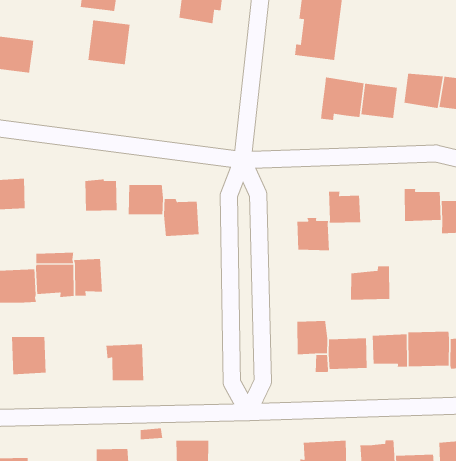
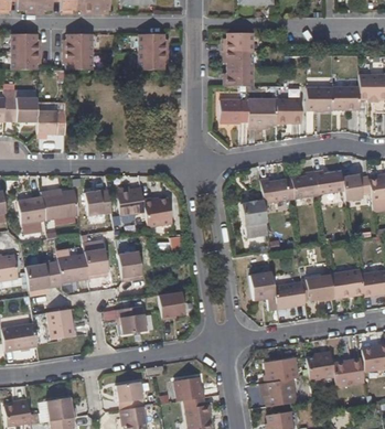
building: [88,20,131,65] -> [36,105,64,135]
building: none -> [218,99,248,124]
building: none -> [42,191,78,219]
building: [350,266,390,301] -> [287,171,318,200]
building: none -> [118,251,141,281]
building: none -> [158,291,184,320]

